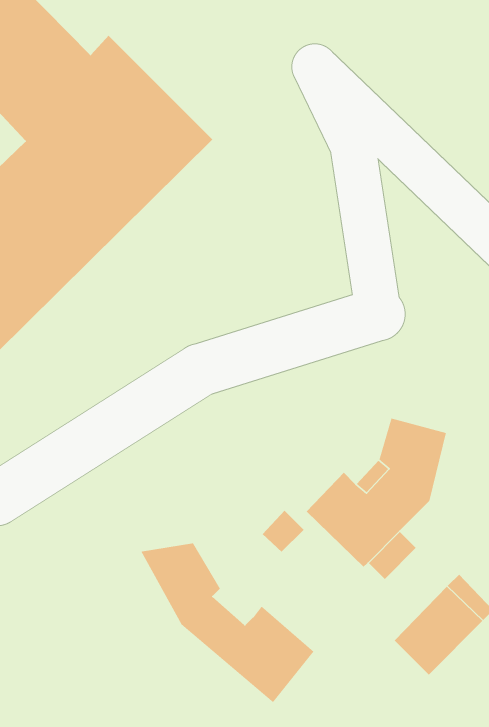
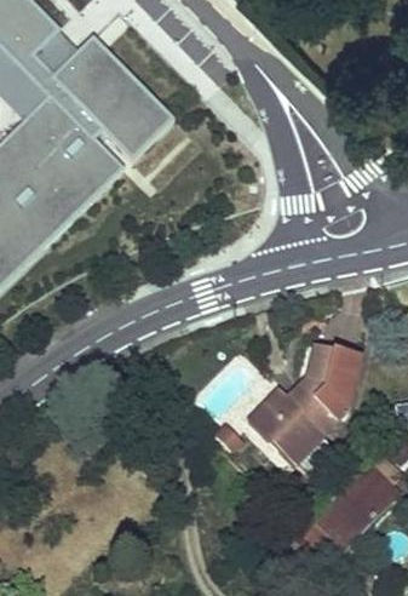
building: [140,542,314,703] -> none

